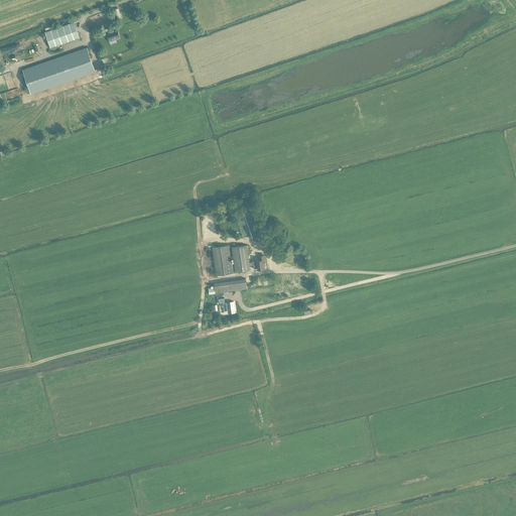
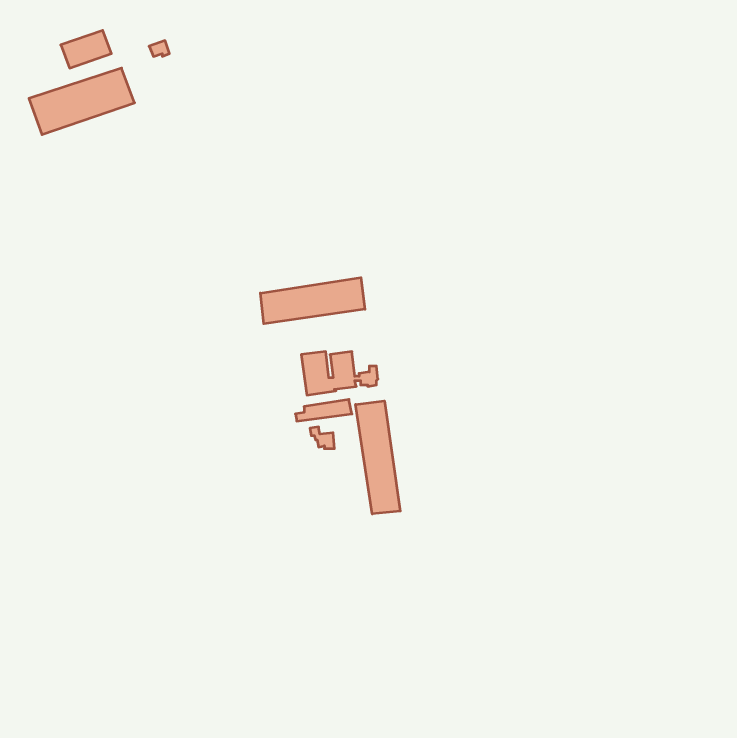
building: none -> [260,278,365,324]
building: none -> [356,401,400,514]

